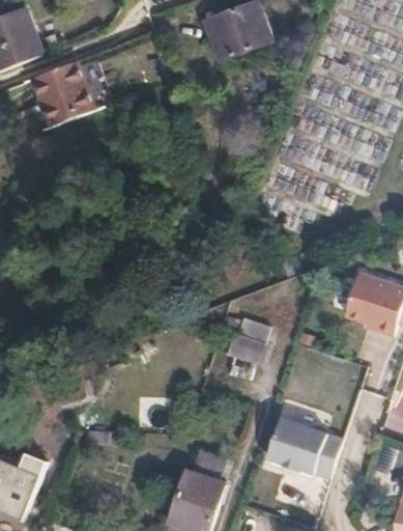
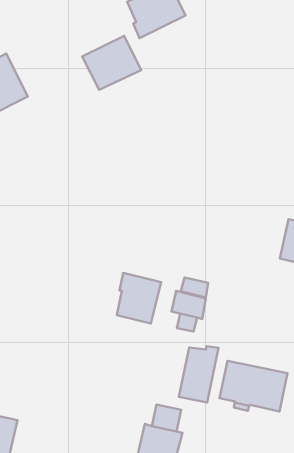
building: none -> [82,36,141,90]
building: none -> [117,273,161,324]
building: none -> [179,346,219,403]

